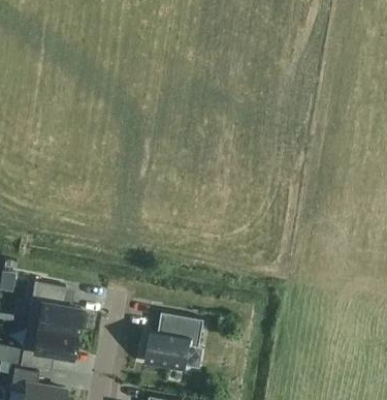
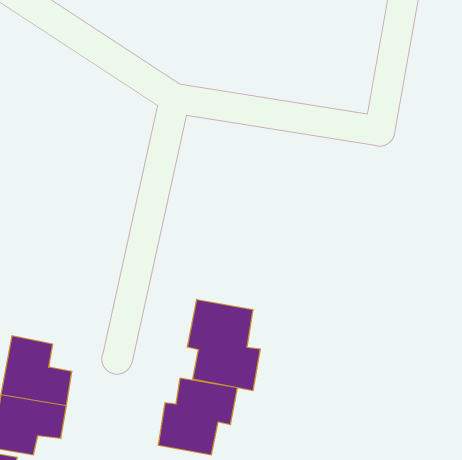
building: none -> [187,299,260,391]

